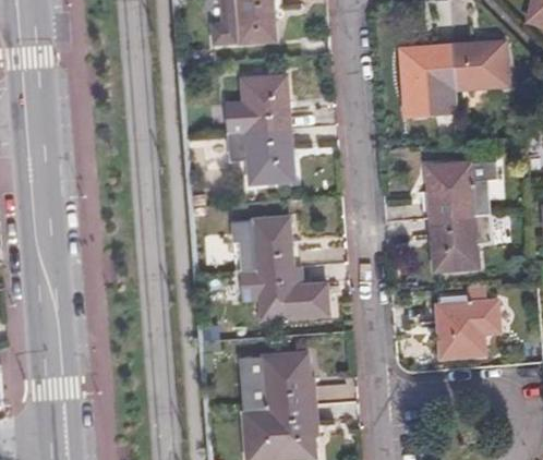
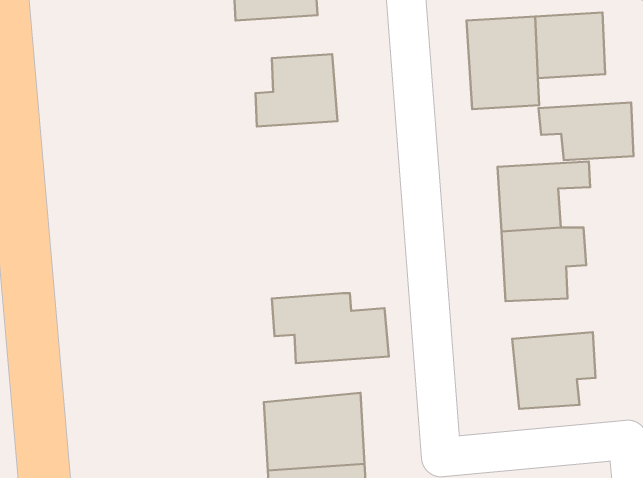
building: none -> [538,103,634,160]
building: [228,126,297,185] -> none
building: [229,213,298,271] -> none

